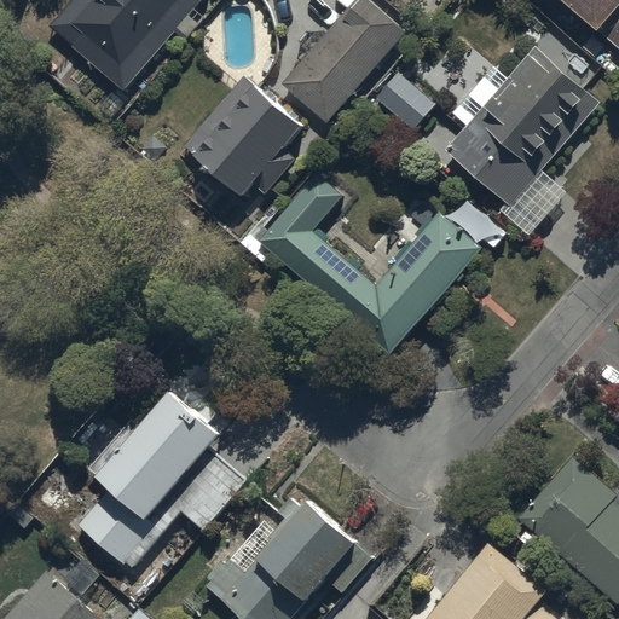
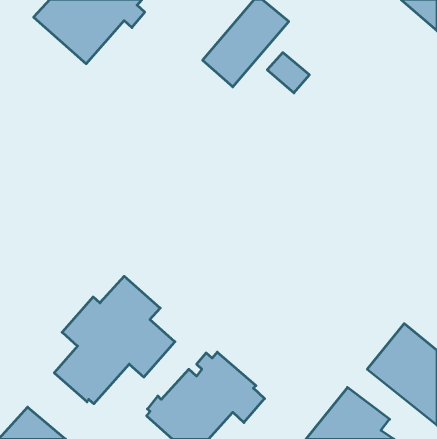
building: [446,44,602,236] -> none
building: [185,76,300,195] -> none
building: [258,173,482,357] -> none

